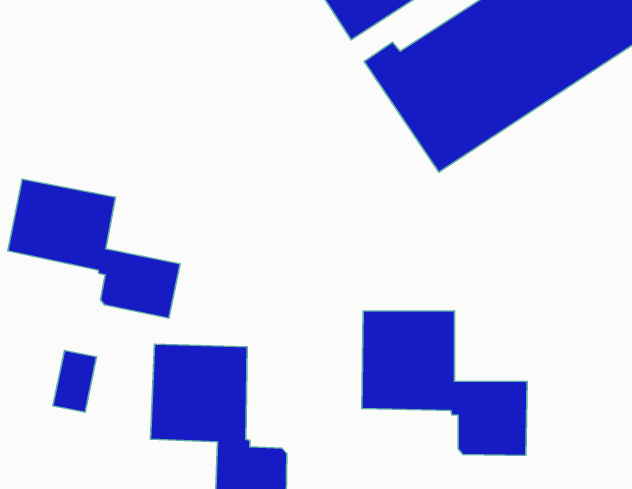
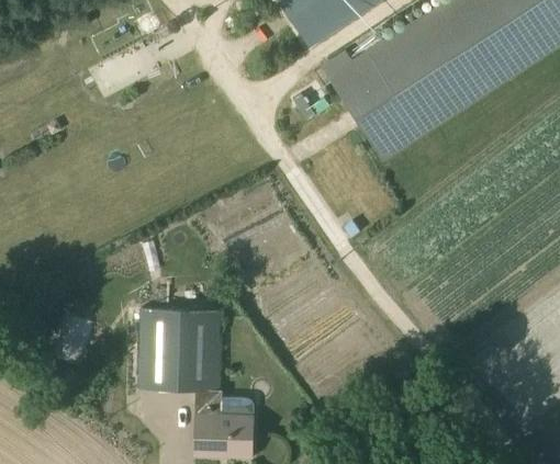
building: [8,179,180,318] -> none
building: [362,311,527,456] -> none

